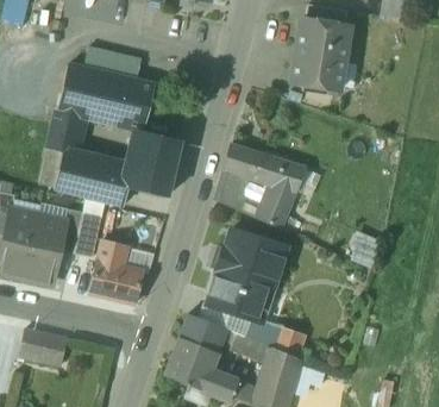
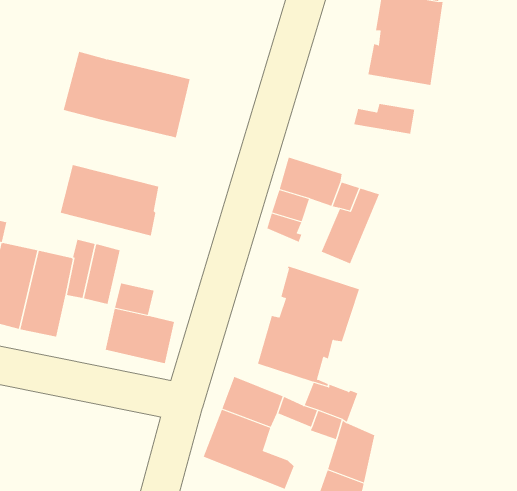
building: [90,50,145,82] -> none
building: none -> [353,103,415,134]
building: [51,109,84,142] -> none
building: [127,130,181,196] -> none
building: [19,328,68,364] -> none

